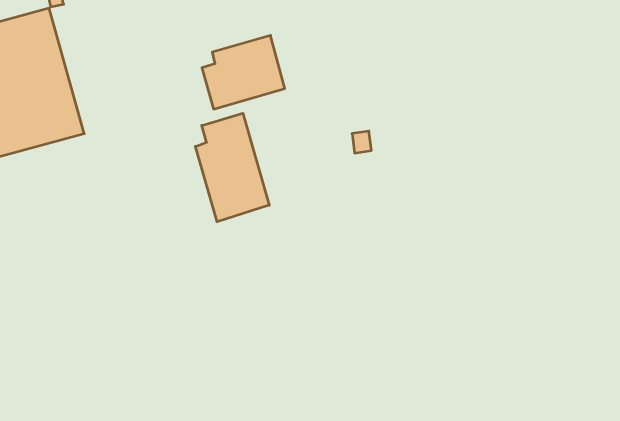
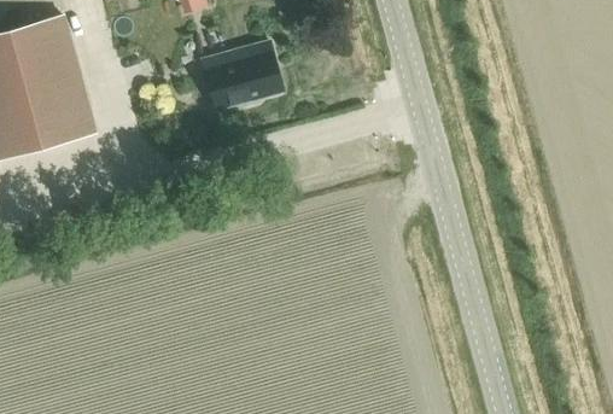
building: [195,113,269,222] -> none

